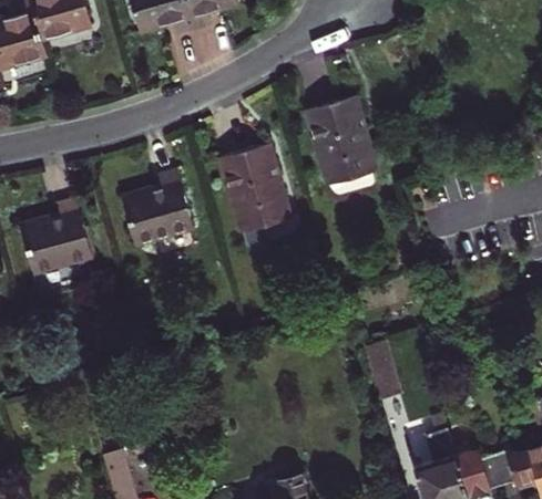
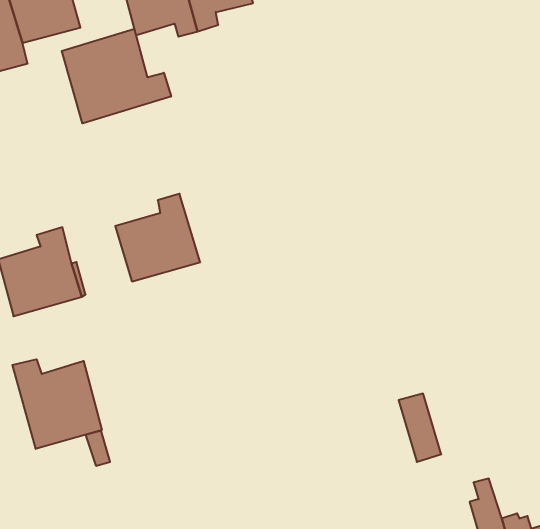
building: none -> [62,29,171,123]
building: [307,95,378,185] -> none
building: [221,143,292,251] -> none
building: none -> [12,359,102,449]

